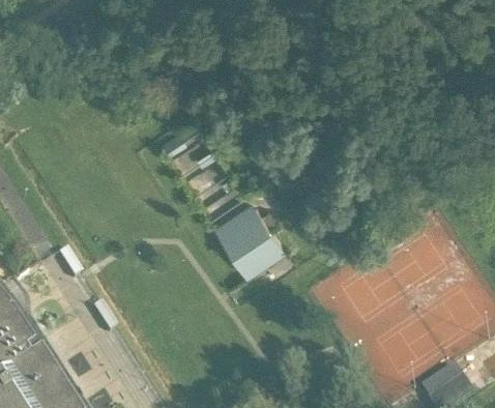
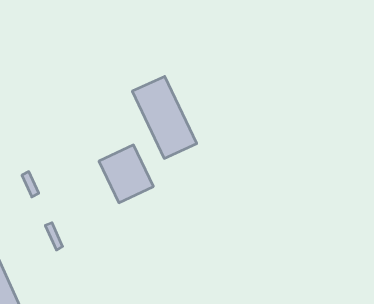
building: [220,209,285,276] -> [99,145,153,203]

